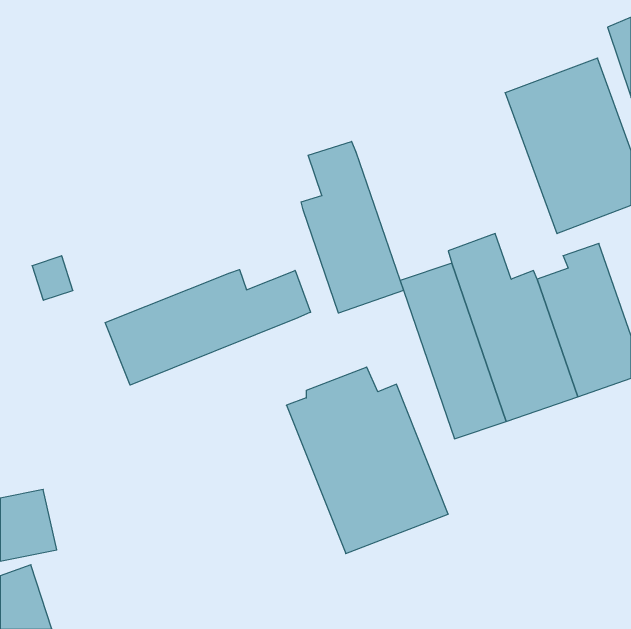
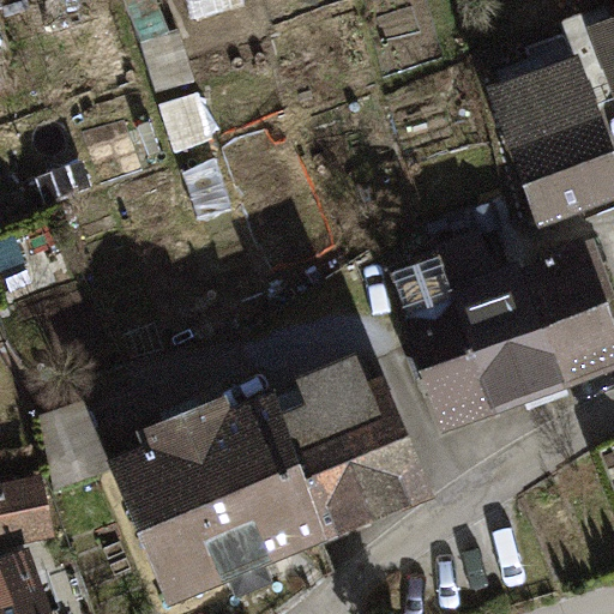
building: [301,141,404,313] -> none
building: [105,270,311,385] -> none
building: none -> [109,393,336,606]

